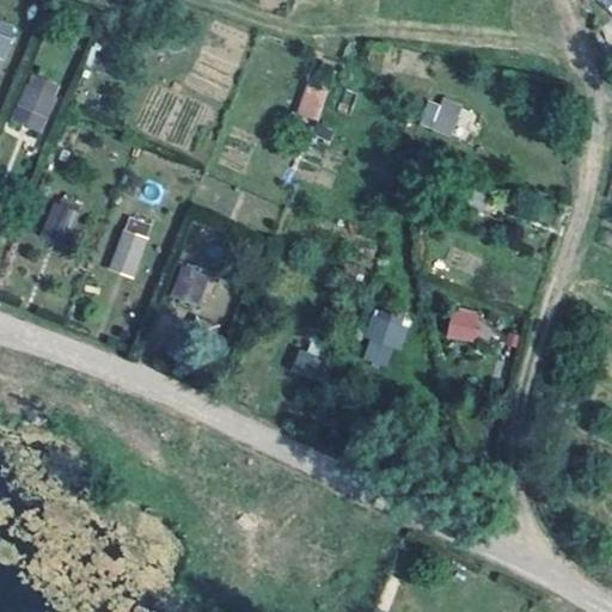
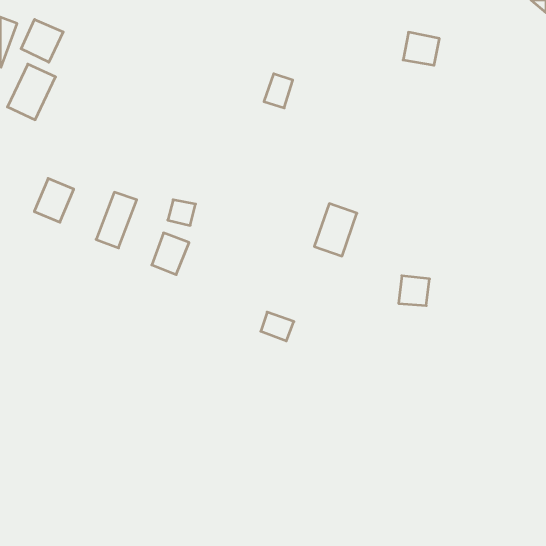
building: none -> [21,19,63,62]
building: [420,97,460,134] -> [403,32,439,65]
building: [359,311,406,369] -> [314,204,357,256]

